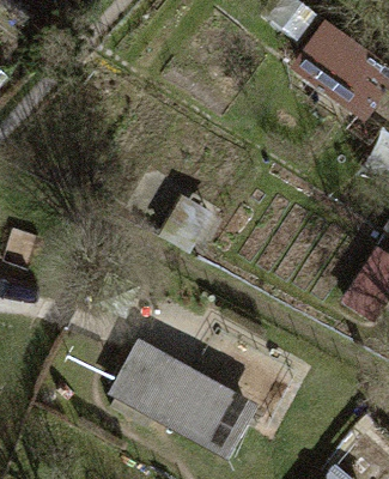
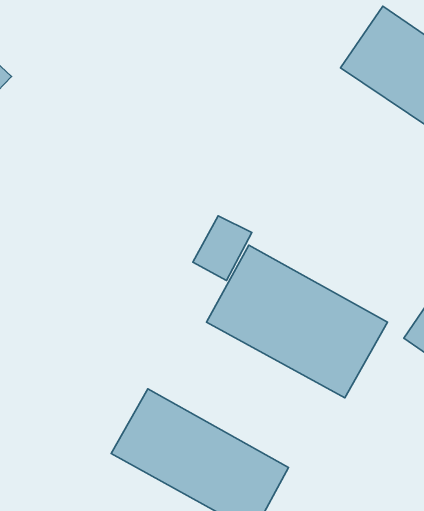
building: none -> [207,245,388,398]

